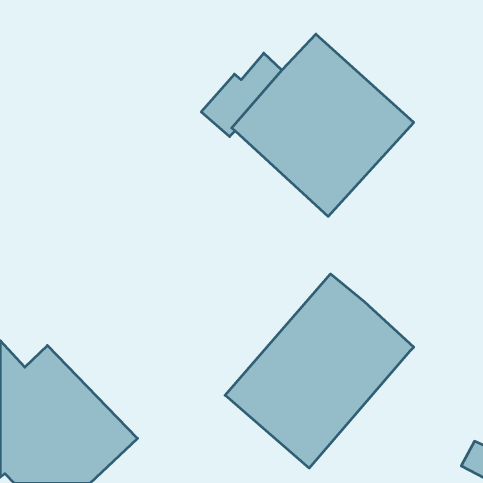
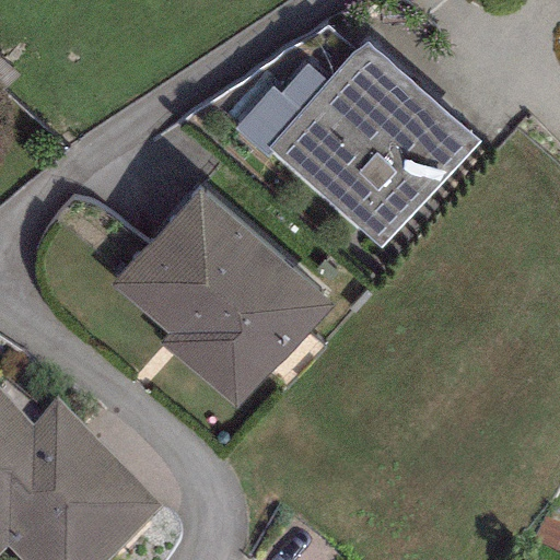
building: none -> [110,186,330,408]
building: [225,274,414,468] -> none

